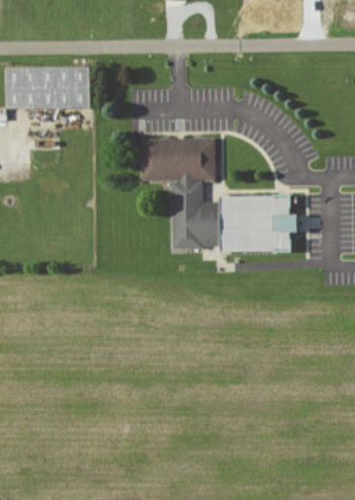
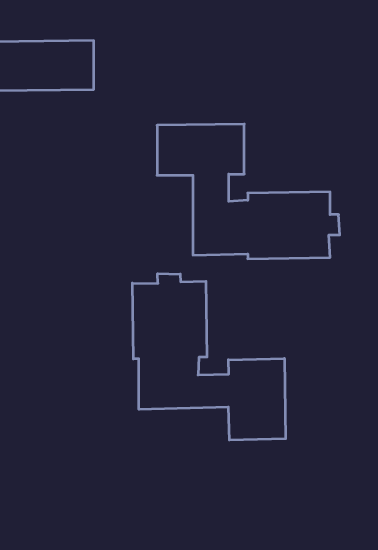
building: none -> [132,274,286,440]

